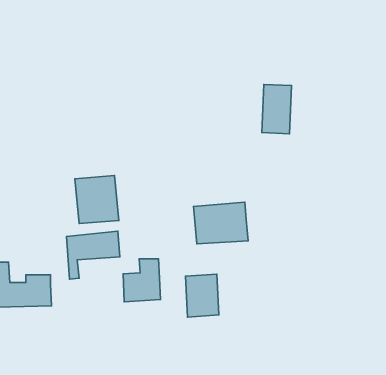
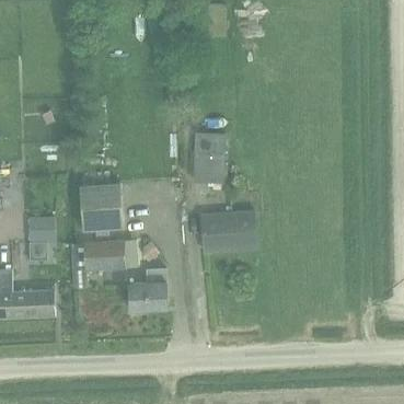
building: [262,84,292,134] -> [193,134,223,184]
building: none -> [26,218,53,242]
building: [185,274,219,317] -> none

